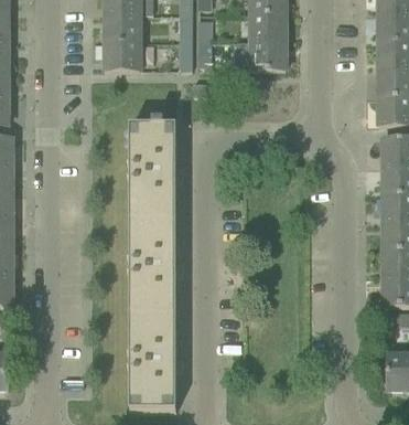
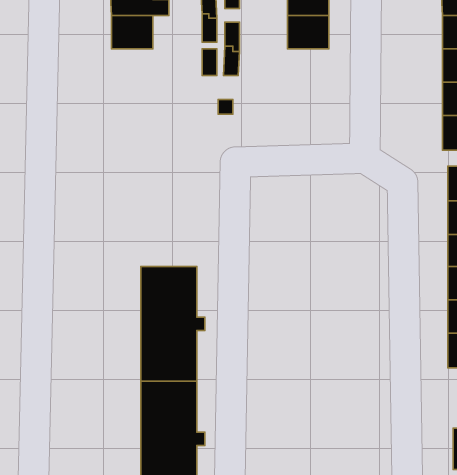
building: [105,41,139,70] -> none
building: [250,41,284,70] -> none
building: [129,120,182,221] -> none

